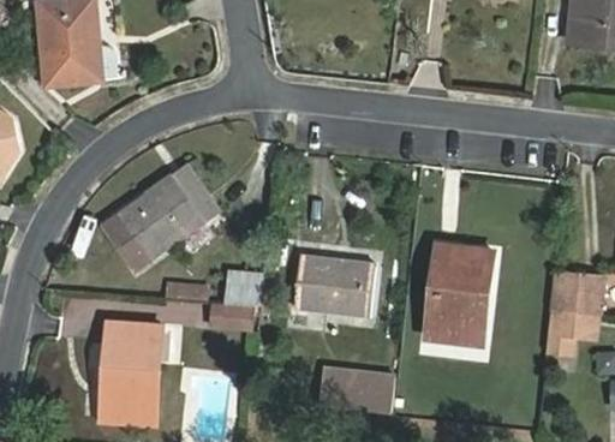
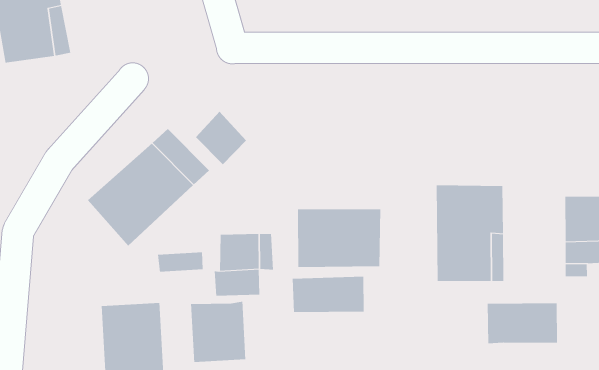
building: none -> [195,111,247,165]
building: none -> [191,301,246,363]
building: none -> [487,302,558,344]
building: [318,371,389,411] -> [292,276,364,313]

